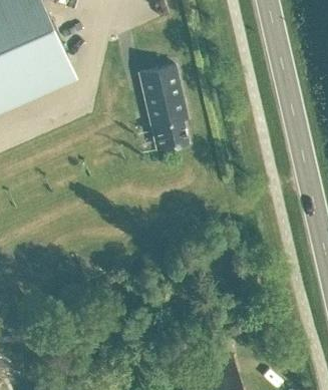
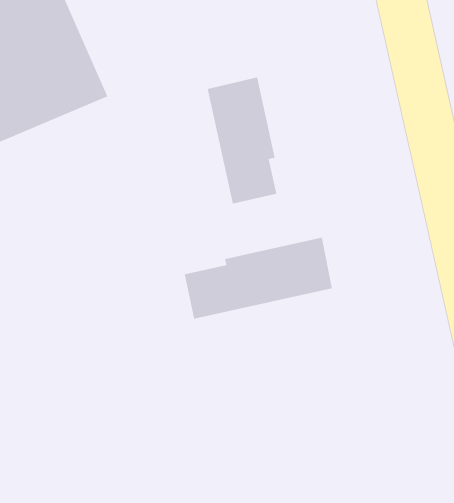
building: none -> [184,237,333,320]

